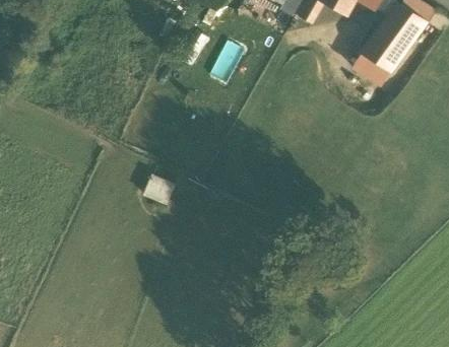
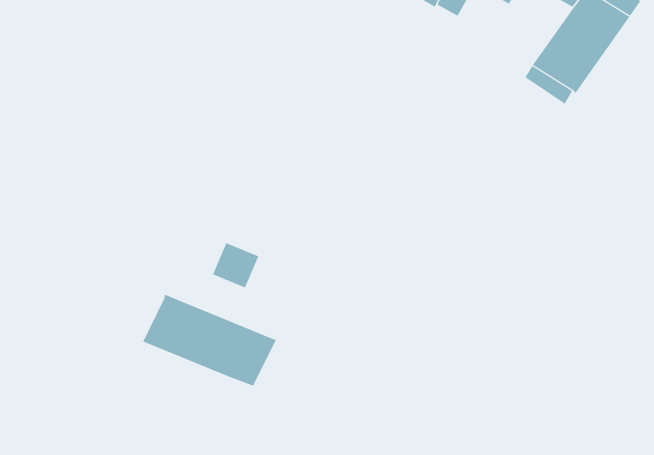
building: none -> [142,294,277,386]

